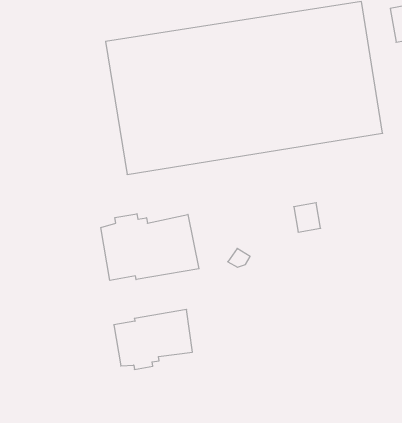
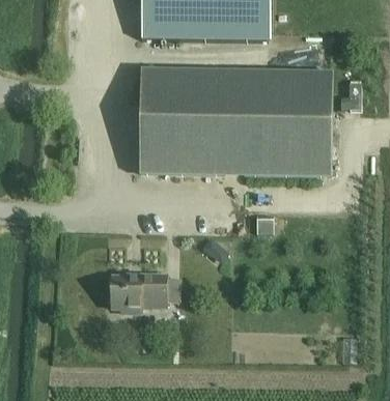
building: [101,214,199,280] -> none

